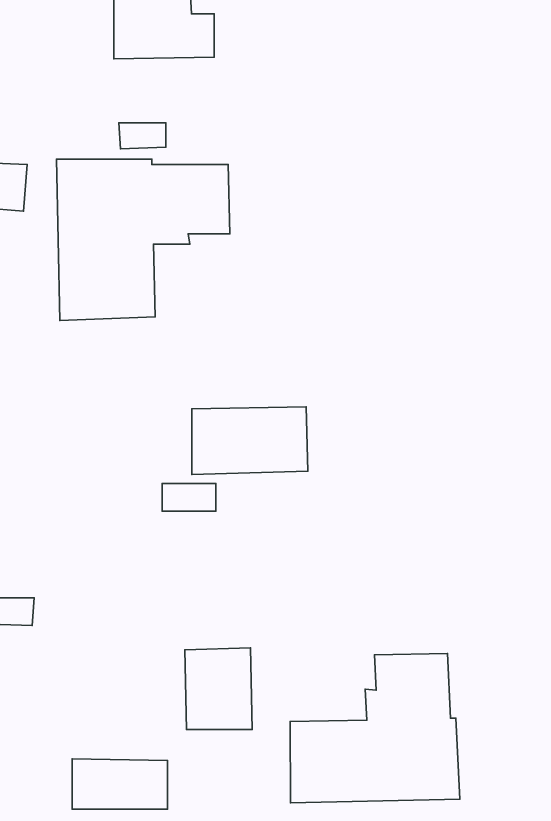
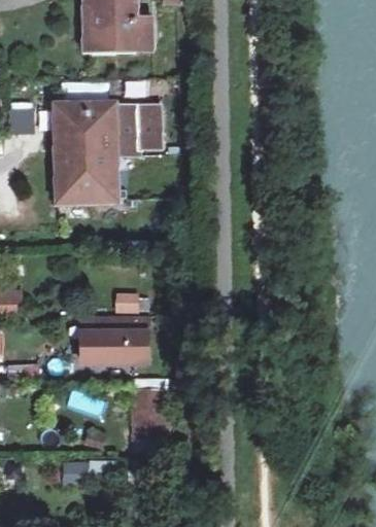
building: [192,407,308,475] -> [83,332,152,373]
building: [290,653,460,803] -> none

